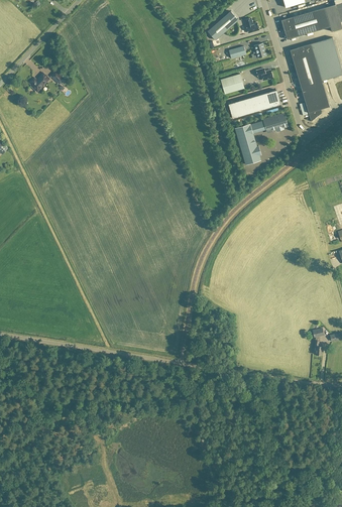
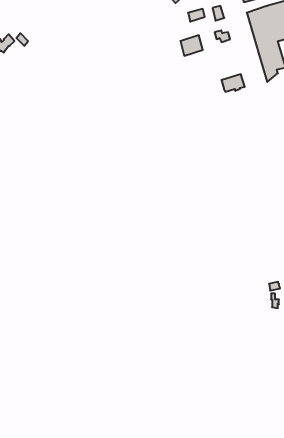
building: [227,89,279,118] -> none
building: [234,123,260,164] -> none

